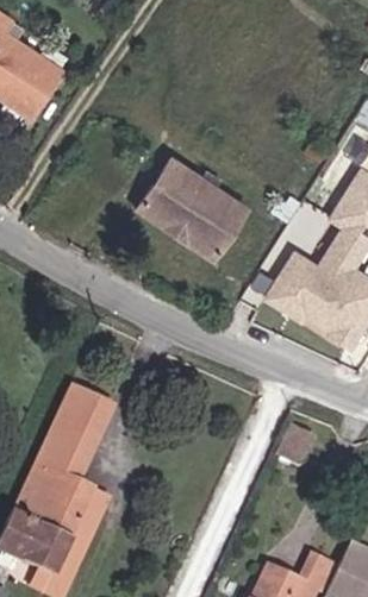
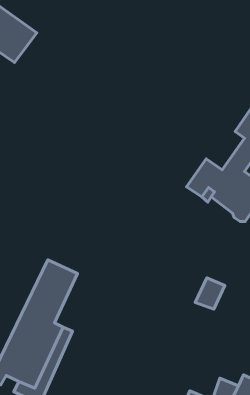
building: [143,150,249,247] -> none

